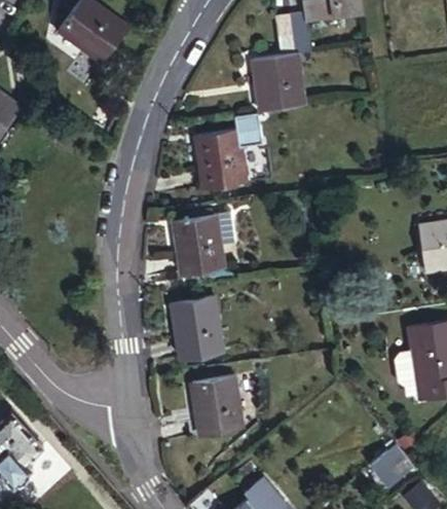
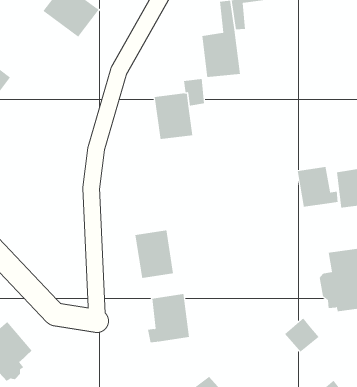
building: [174,215,223,275] -> none
building: none -> [297,166,338,208]
building: [372,441,415,484] -> [284,317,319,353]

